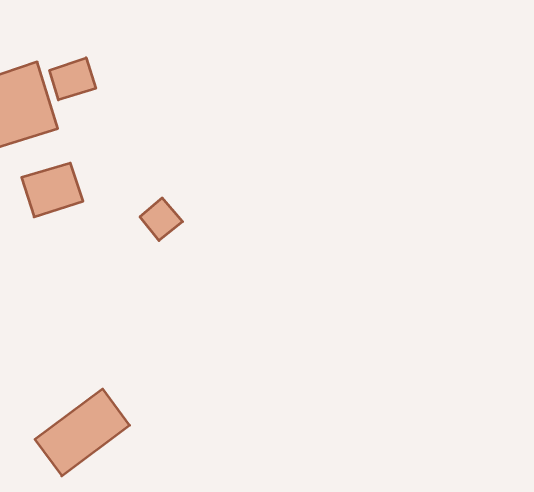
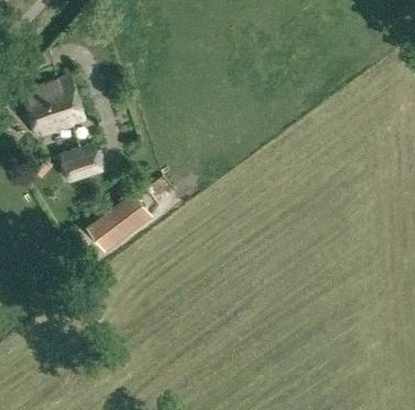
building: [50,58,96,100] -> none
building: [35,389,130,476] -> [85,190,151,250]

